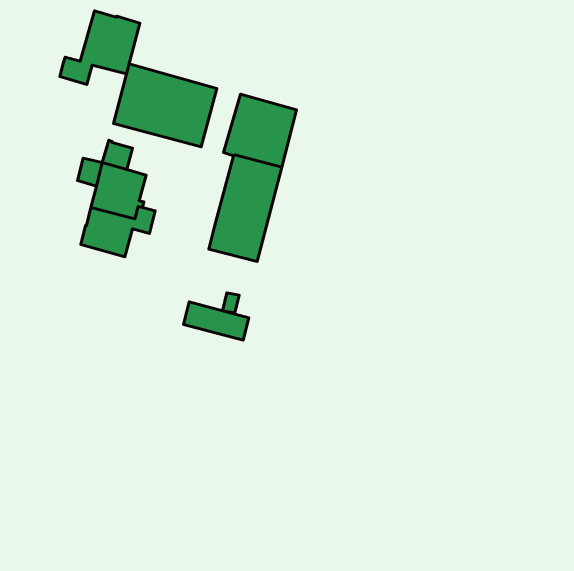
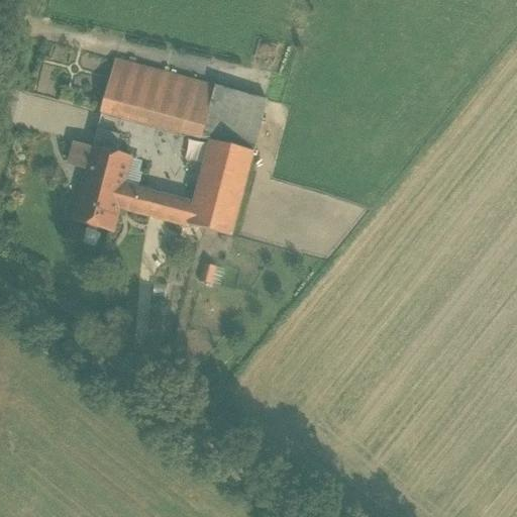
building: [60,11,140,84] -> none
building: none -> [181,80,216,137]
building: [184,302,249,340] -> [134,190,193,224]

